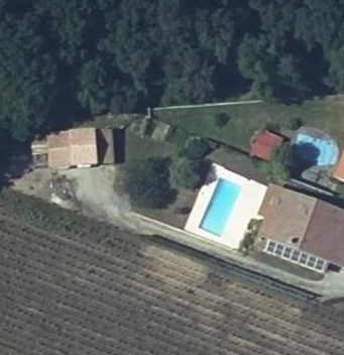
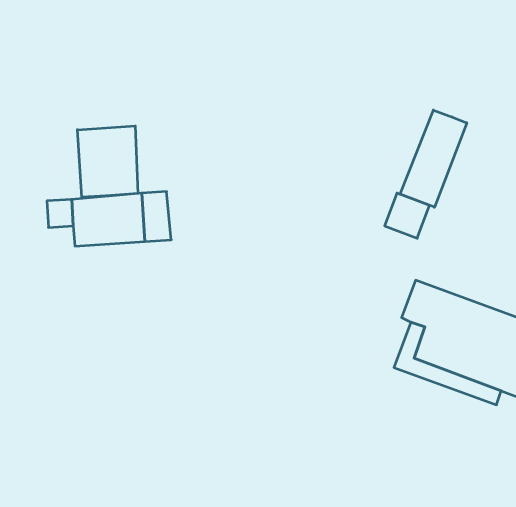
building: none -> [400,110,467,207]
building: none -> [77,126,138,197]

